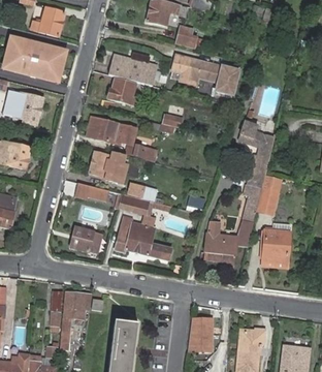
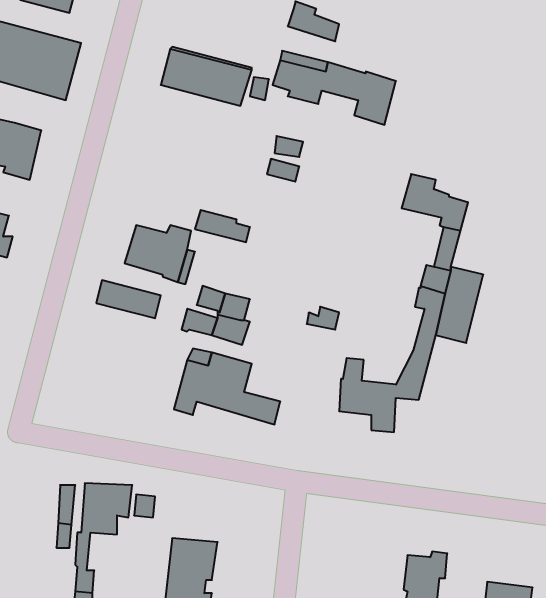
building: [108,80,138,106] -> none
building: [88,116,125,143] -> none
building: [70,226,101,251] -> none
building: [259,228,290,264] -> none
building: [188,316,213,349] -> none

